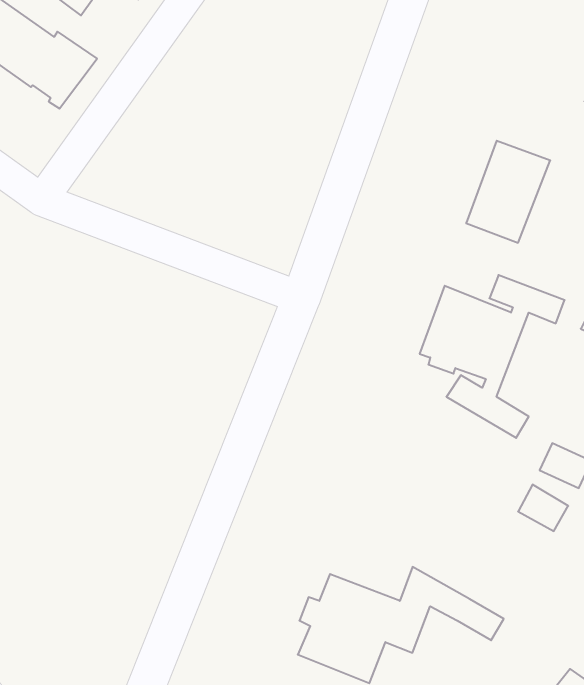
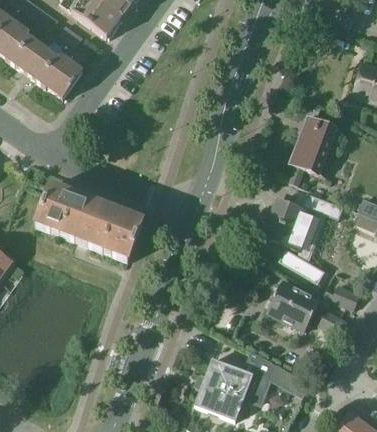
building: none -> [35,184,145,261]
building: none -> [269,279,323,330]

